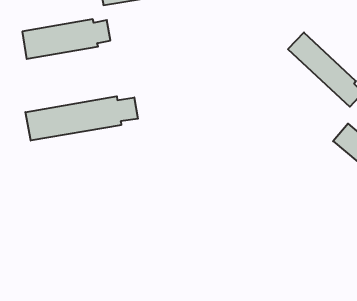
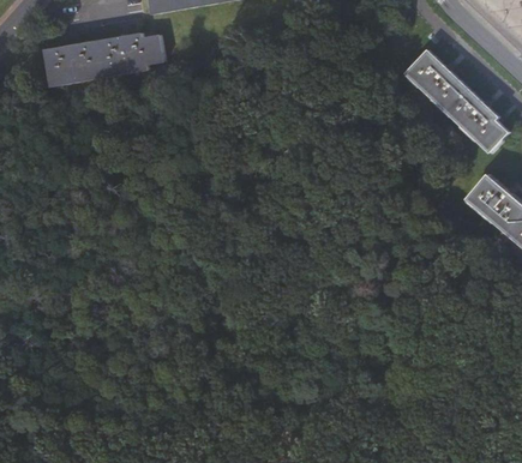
building: [25,96,138,141] -> none

